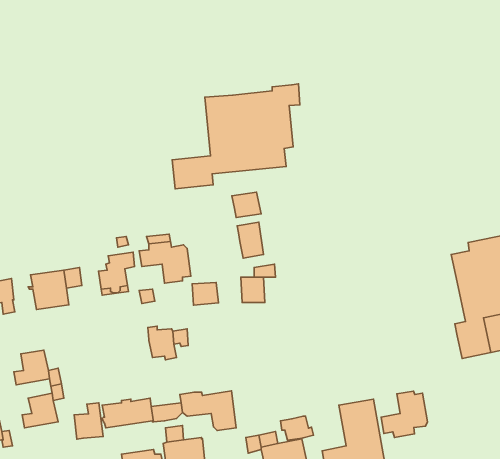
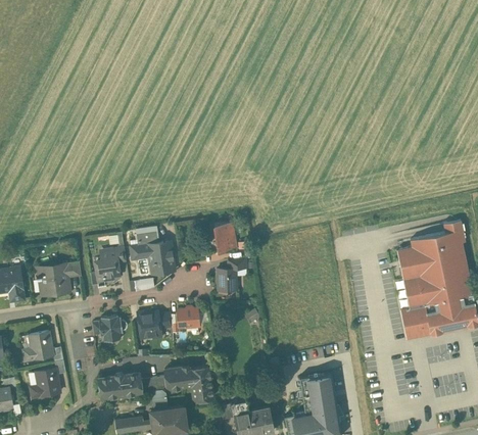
building: [172,84,300,189] -> none
building: [232,192,261,218] -> none
building: [192,282,219,305] -> [177,309,199,329]
building: none -> [98,317,127,342]
building: [381,391,428,438] -> none
building: [74,403,103,439] -> none
building: [280,416,313,440] -> none

